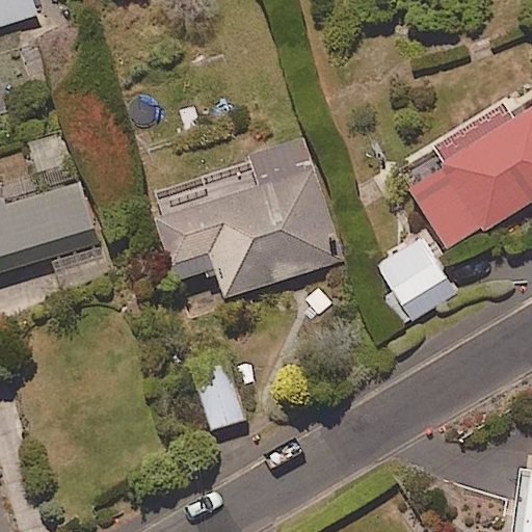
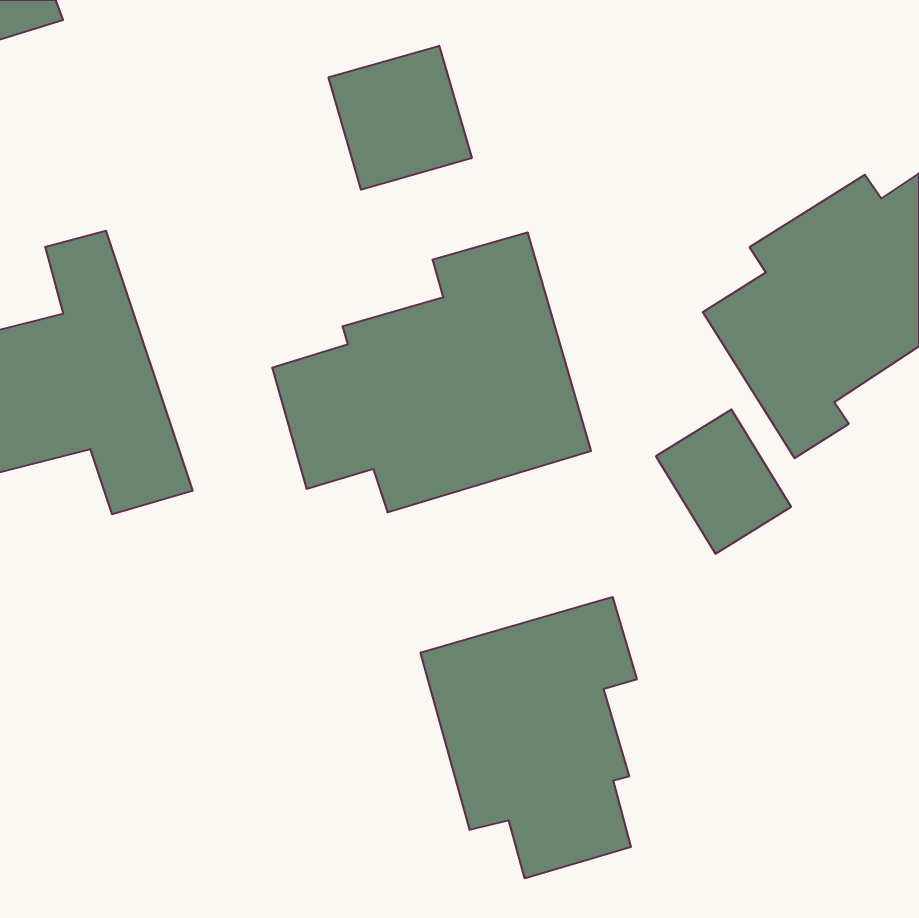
building: none -> [329,46,472,190]
building: none -> [421,597,637,878]

